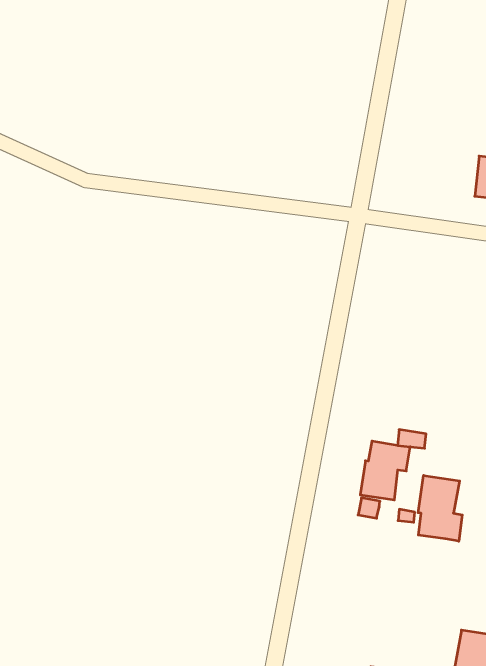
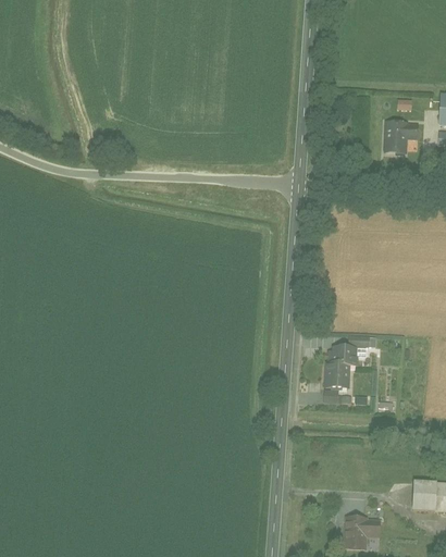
building: [418,475,462,541] -> none

